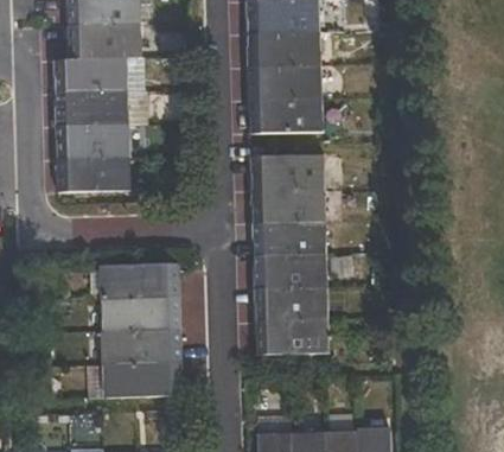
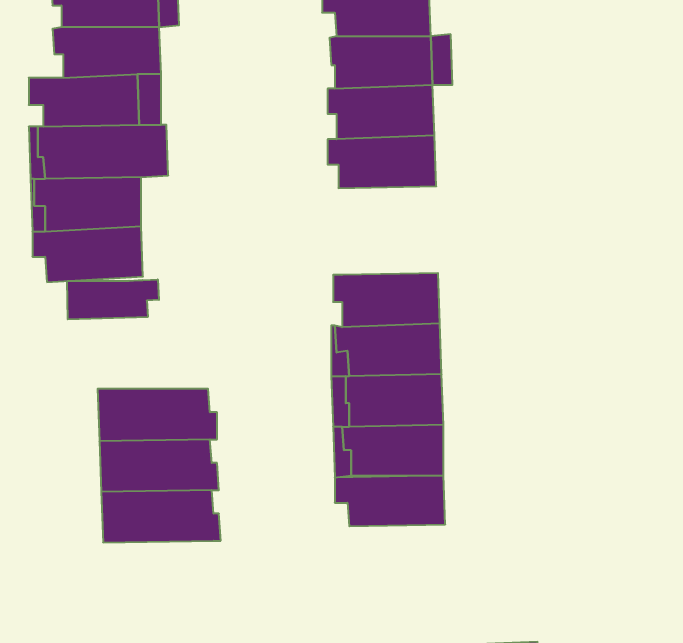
building: [253,155,323,189] -> none
building: none -> [67,279,159,319]
building: [103,363,181,397] -> none

